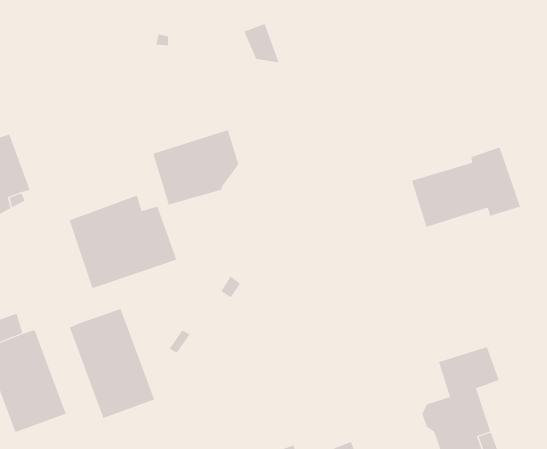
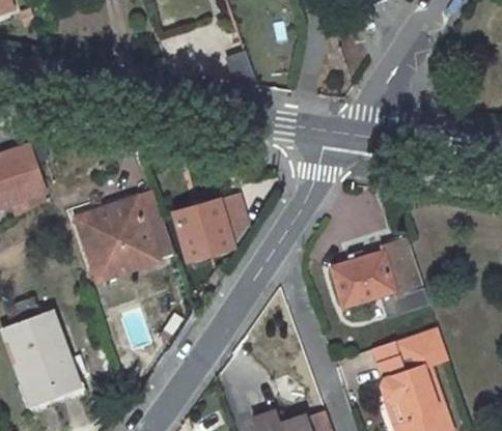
building: [153,130,239,205] -> [173,194,248,259]
building: [411,147,521,227] -> [330,237,424,307]
building: [69,308,155,419] -> none

